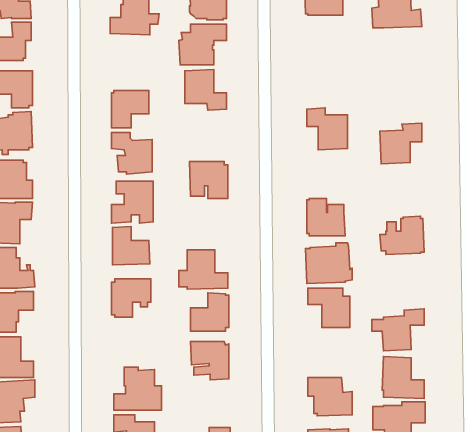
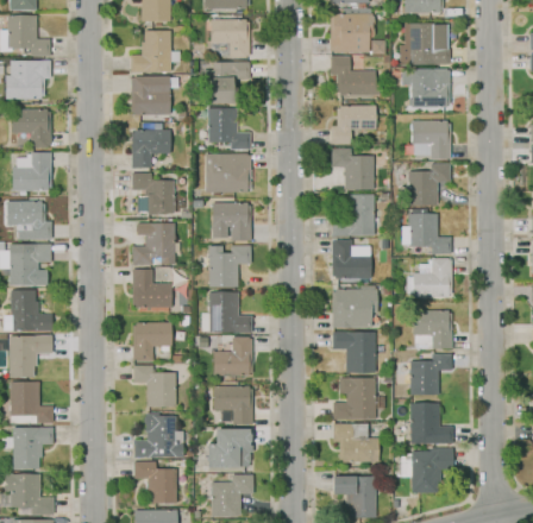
building: none -> [331,56,380,95]
building: none -> [412,68,451,107]
building: none -> [131,76,178,115]
building: none -> [331,106,377,144]
building: none -> [412,120,451,159]
building: none -> [206,153,251,193]
building: none -> [331,194,375,237]
building: none -> [401,209,451,254]
building: none -> [200,245,251,286]
building: none -> [413,310,451,349]
building: none -> [133,365,176,407]
building: none -> [333,378,375,420]
building: none -> [209,428,253,467]

